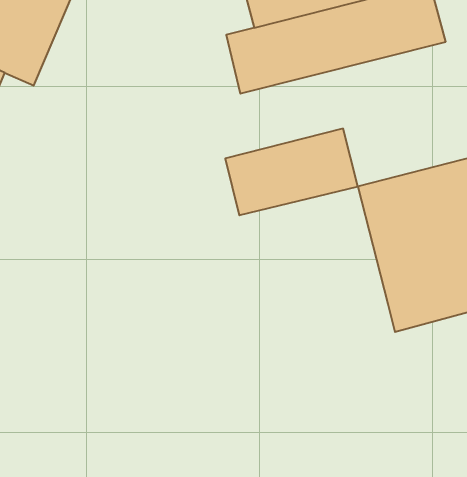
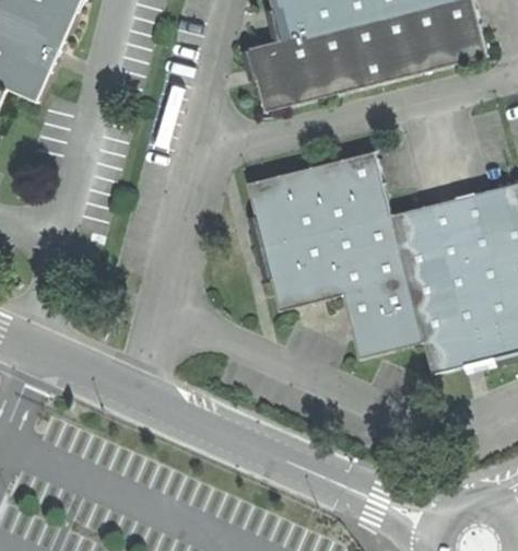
building: none -> [263,212,426,357]

